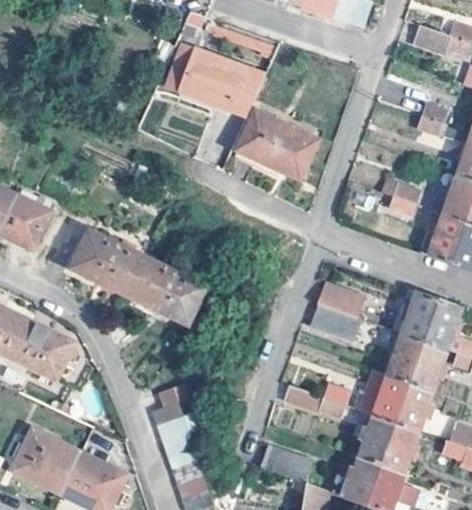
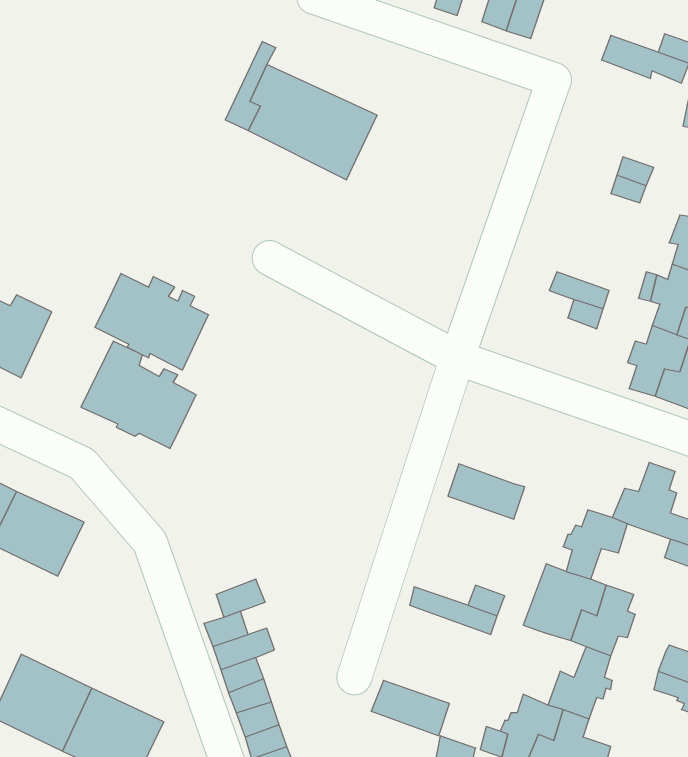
building: [234,112,316,180] -> none
building: [129,260,203,323] -> [95,274,209,370]
building: [315,282,361,318] -> none
building: [394,295,442,340] -> none
building: [404,344,447,390] -> none
building: [359,415,401,462] -> none

